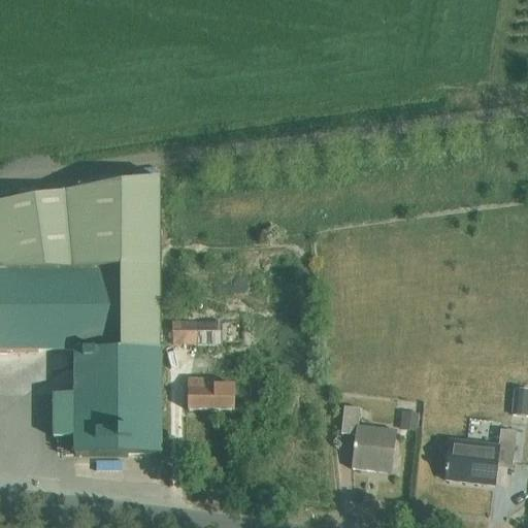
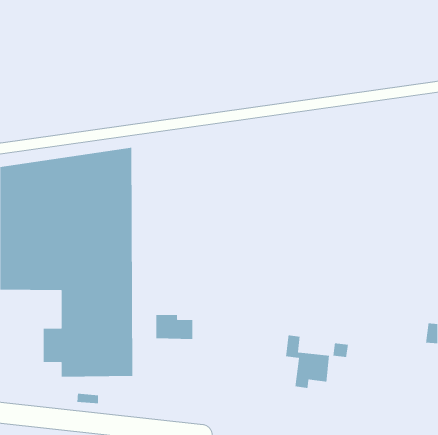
building: [174,320,219,342] -> none
building: [443,428,515,484] -> none

